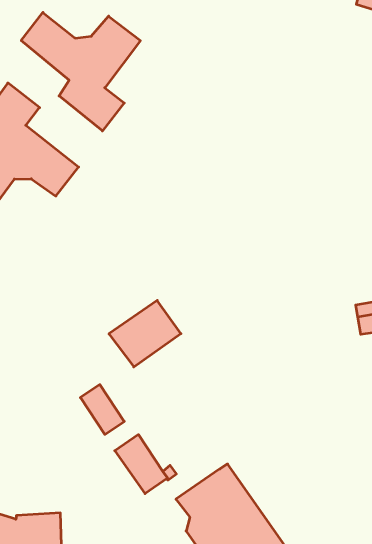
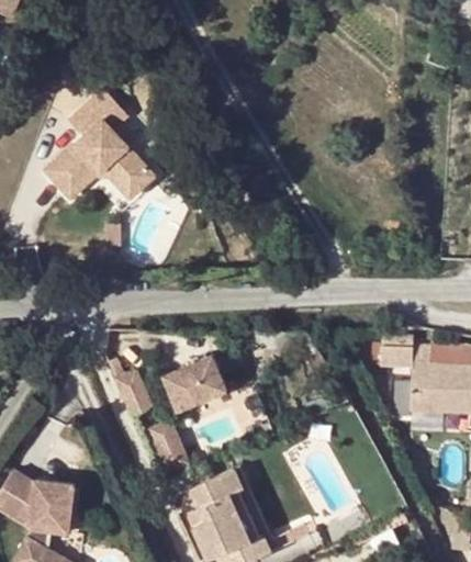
building: [21,12,140,131] -> none
building: [109,300,181,367] -> [161,353,227,411]

